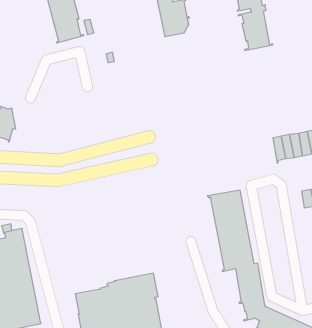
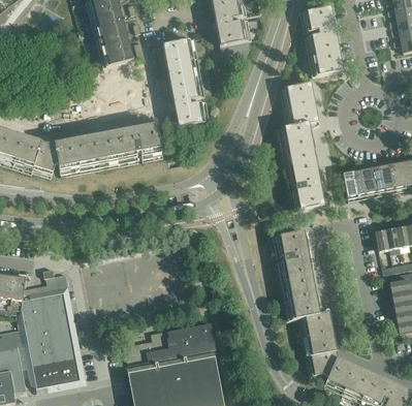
building: none -> [162,37,209,126]
building: none -> [276,82,327,211]
building: none -> [54,120,162,175]

